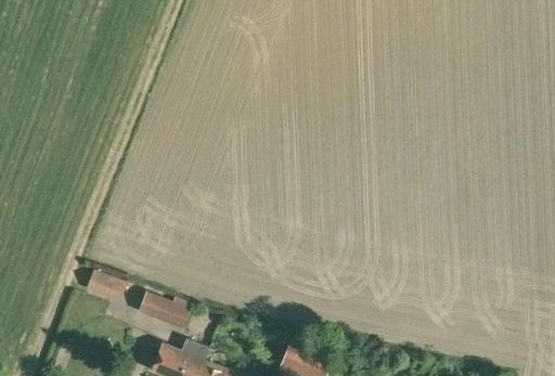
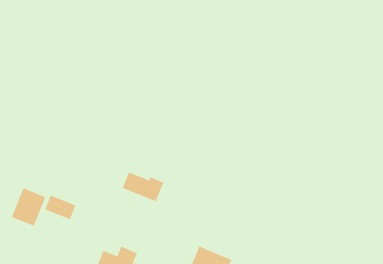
building: none -> [11,188,46,226]
building: [137,290,193,330] -> [122,172,164,202]

